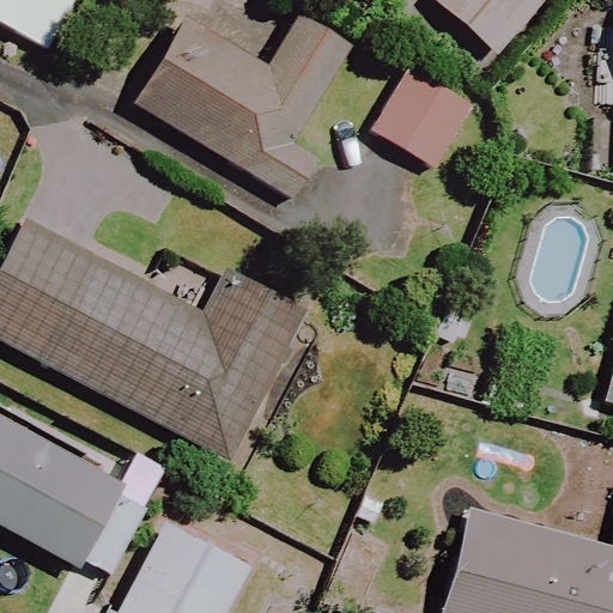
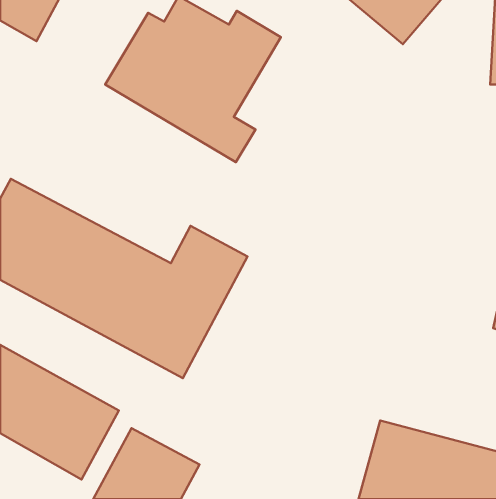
building: [372,69,473,168] -> none

